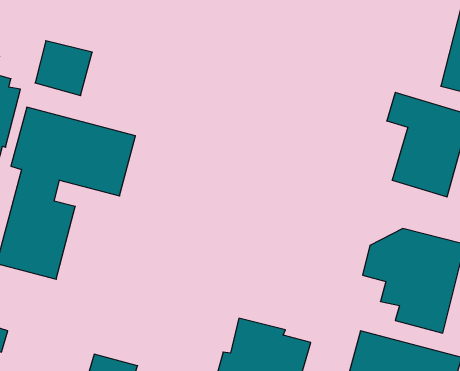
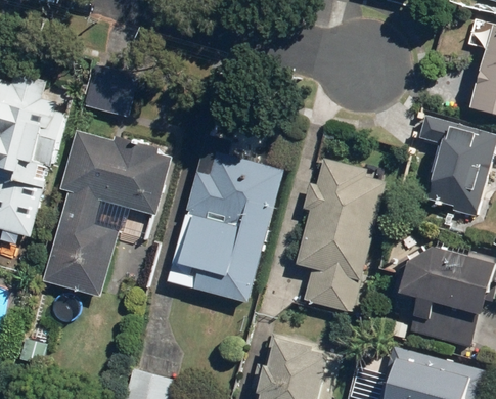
building: none -> [186,136,284,303]
building: none -> [297,158,386,313]

